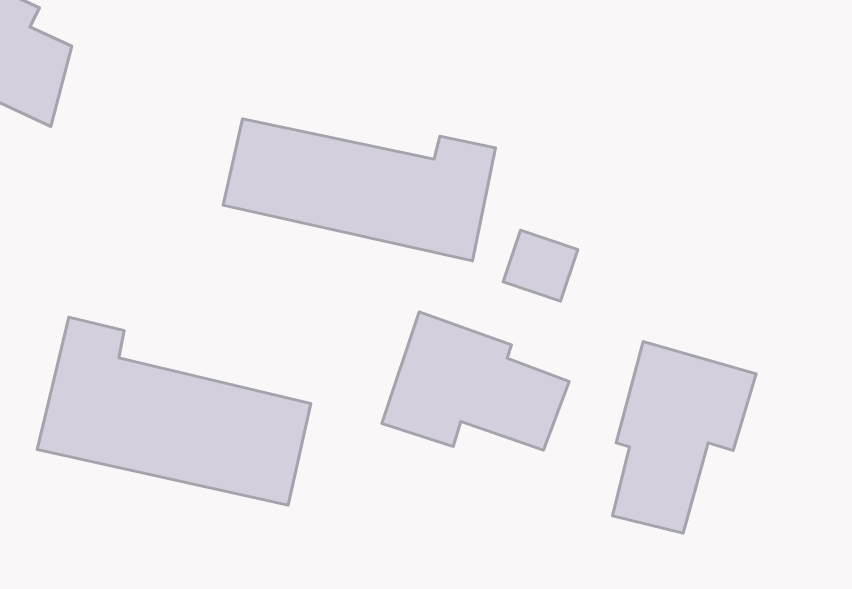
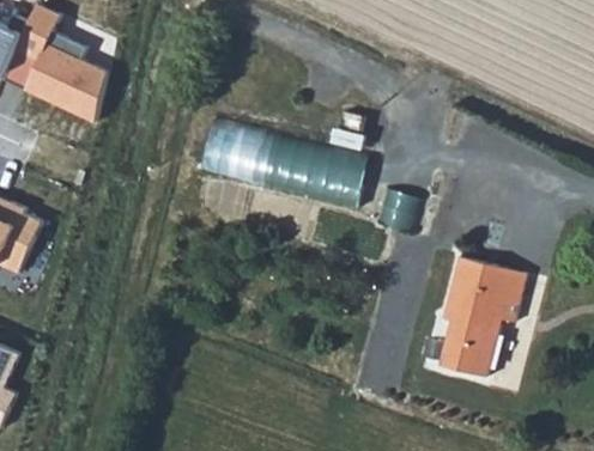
building: [382,312,569,450] -> none
building: [37,317,311,505] -> none

